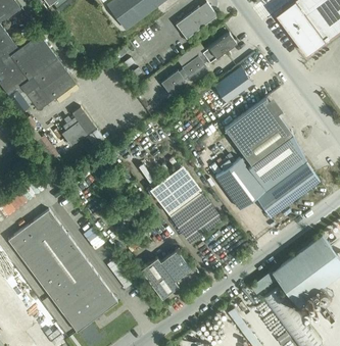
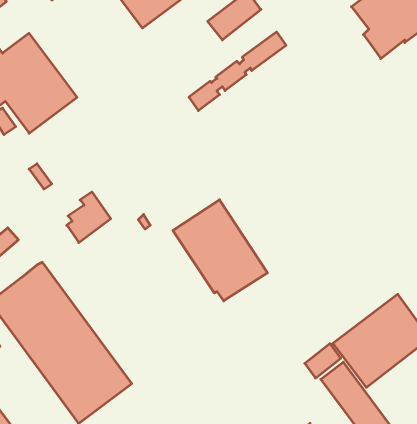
building: [206,68,250,107] -> none
building: [215,98,320,217] -> none
building: [61,108,95,147] -> [67,192,111,243]
building: [140,250,199,299] -> none

